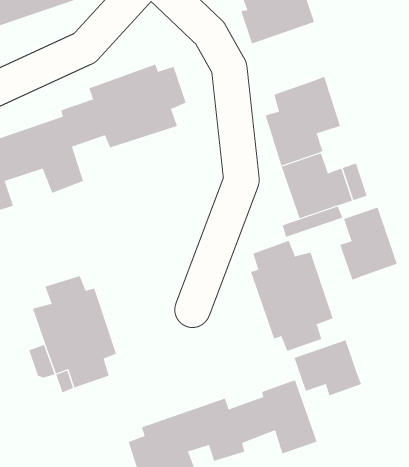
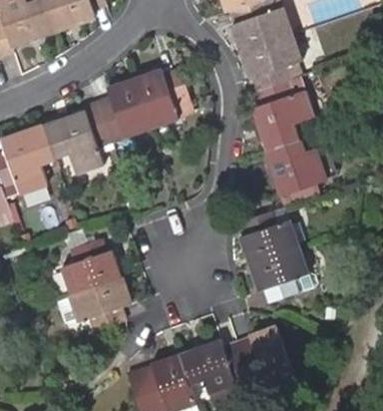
building: none -> [240,33,302,92]
building: [339,207,398,280] -> none
building: [294,340,362,396] -> none

